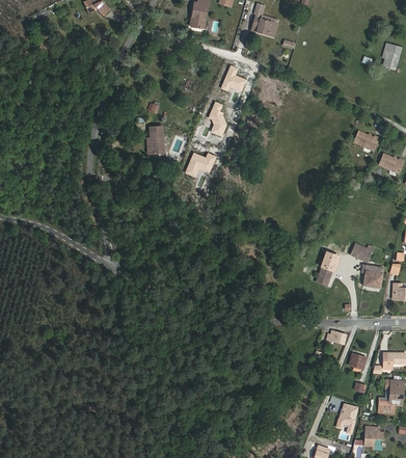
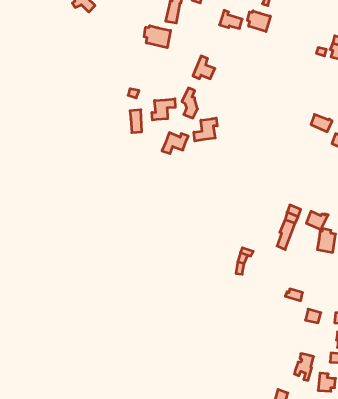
building: none -> [247,11,270,32]
building: none -> [144,26,171,48]
building: none -> [152,99,175,120]
building: none -> [194,118,217,141]

